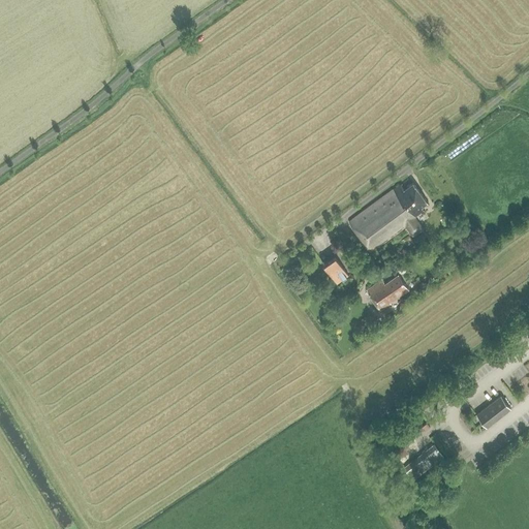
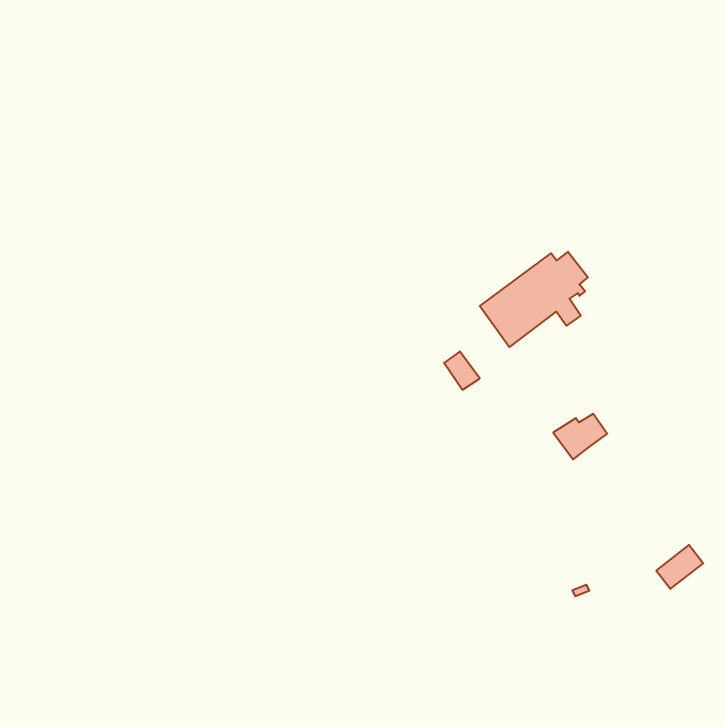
building: [366,277,405,310] -> [553,414,607,459]
building: [404,443,445,478] -> none

